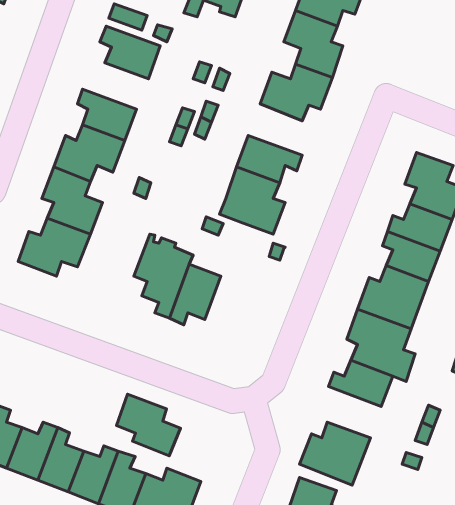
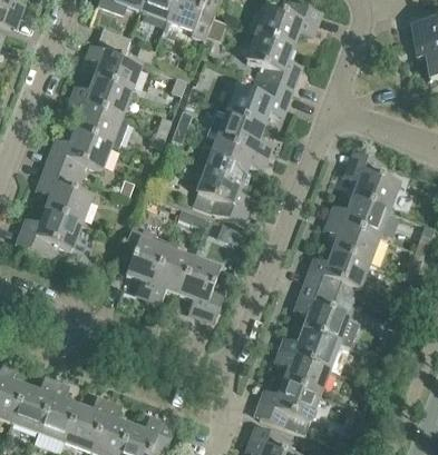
building: none -> [76,78,132,117]
building: none -> [205,109,266,156]
building: none -> [179,258,227,318]
building: none -> [280,352,329,395]
building: [116,394,181,456] -> none

